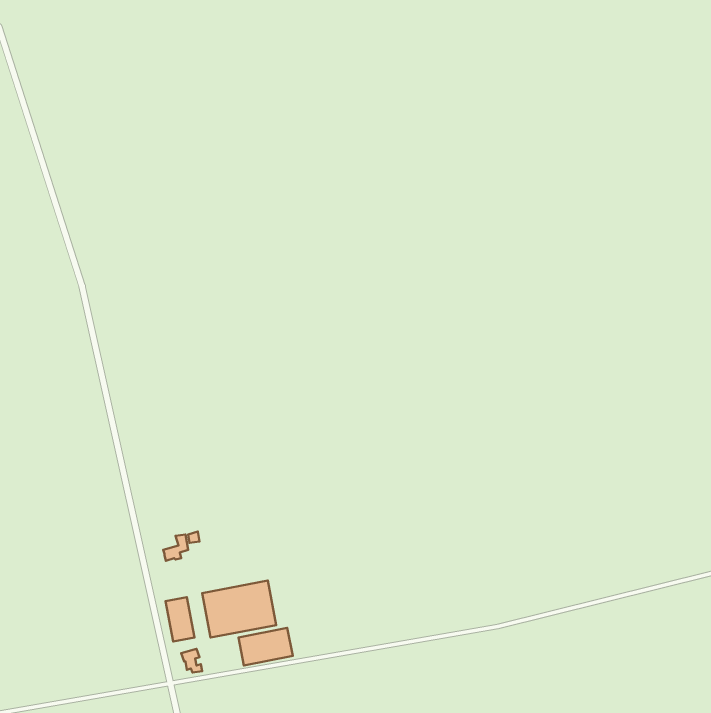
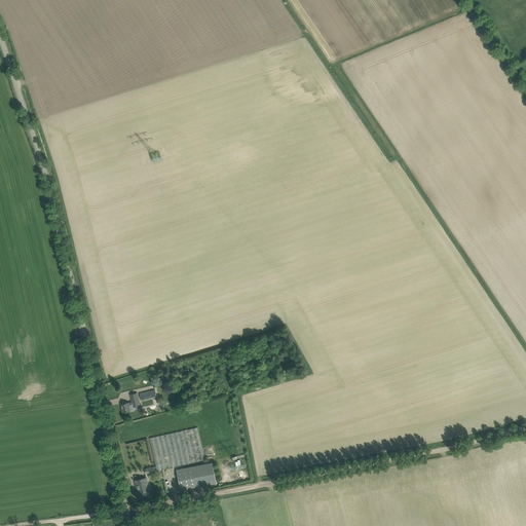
building: [165,597,195,641] -> none

